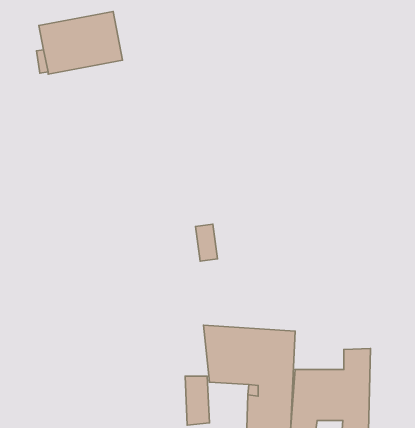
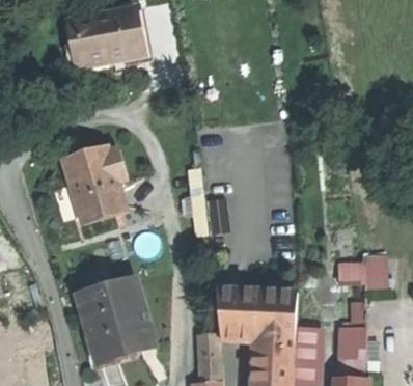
building: none -> [62,149,126,221]
building: none -> [338,253,392,286]
building: none -> [75,283,152,360]

